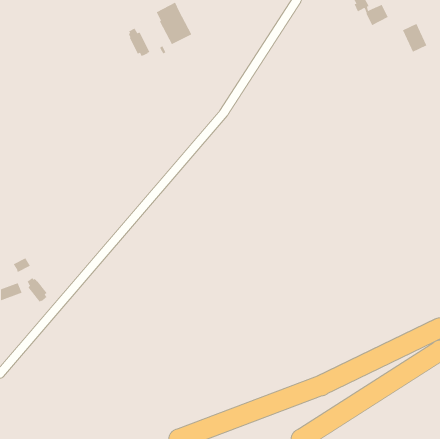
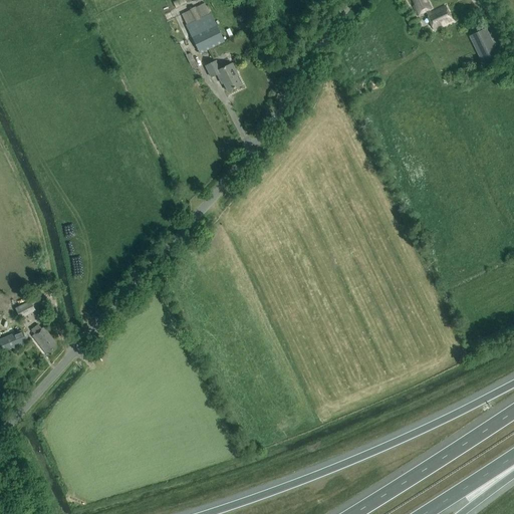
building: [128,28,150,57] -> none
building: none -> [206,60,241,91]

